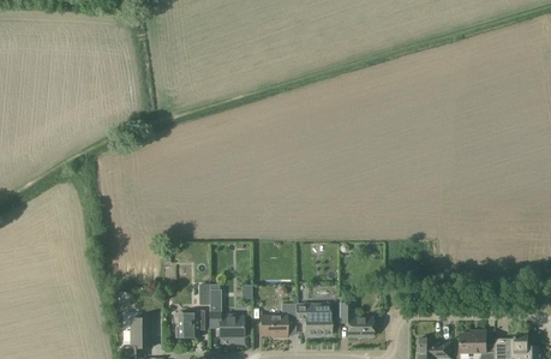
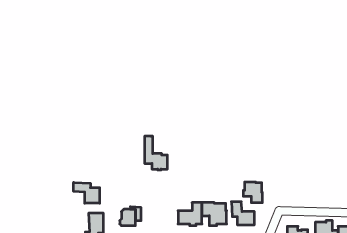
building: none -> [243,182,262,203]
building: none -> [74,182,100,203]
building: [209,288,242,337] -> [145,136,167,170]

